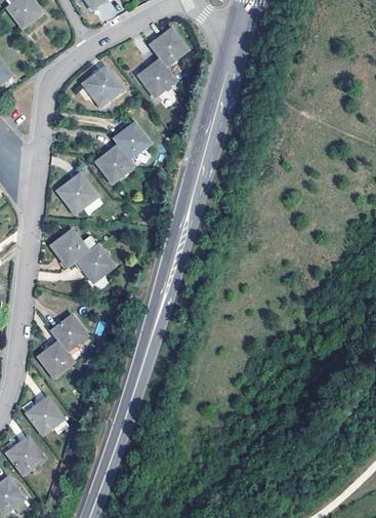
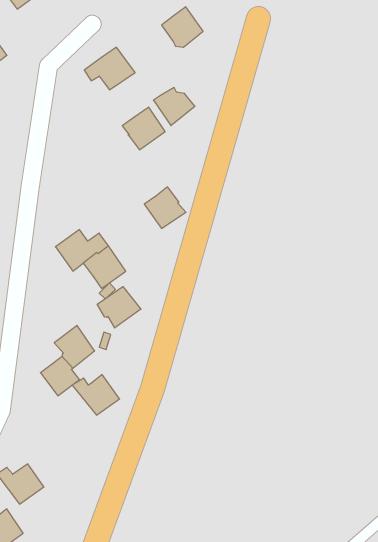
building: [139,62,176,95] -> [153,88,195,126]
building: [97,145,134,182] -> [144,187,186,228]
building: [59,172,98,211] -> none
building: none -> [97,287,141,328]
building: [22,399,64,435] -> [72,375,120,415]

